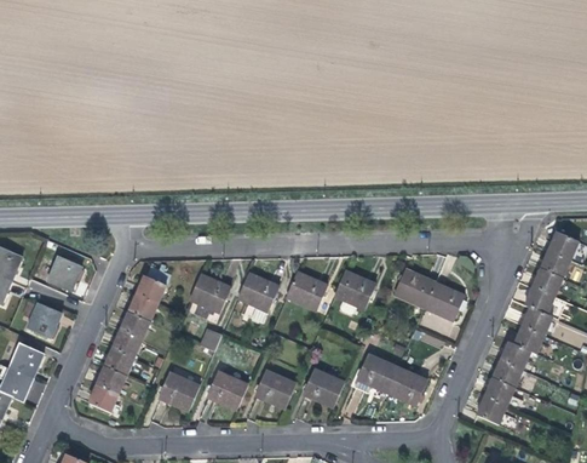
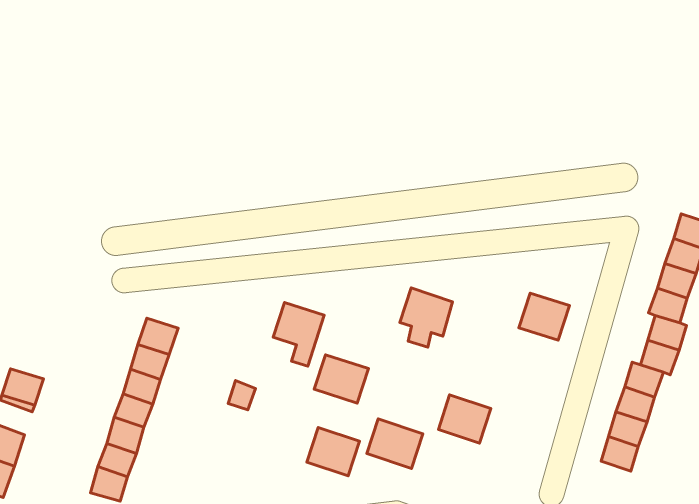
building: [46,257,81,292] -> none
building: [393,269,435,308] -> none
building: [284,271,327,310] -> [314,355,368,403]
building: [189,274,230,313] -> none
building: [386,367,426,406] -> none
building: [157,372,198,411] -> none
building: [205,372,247,410] -> none

